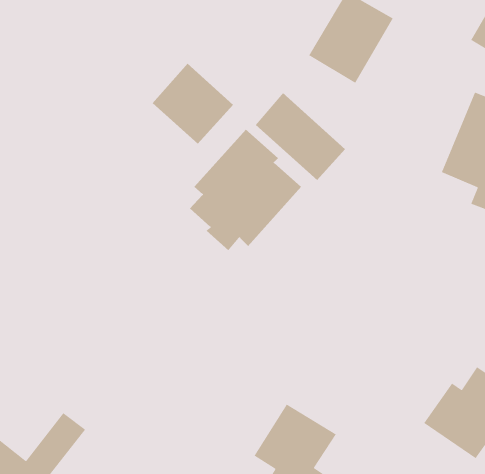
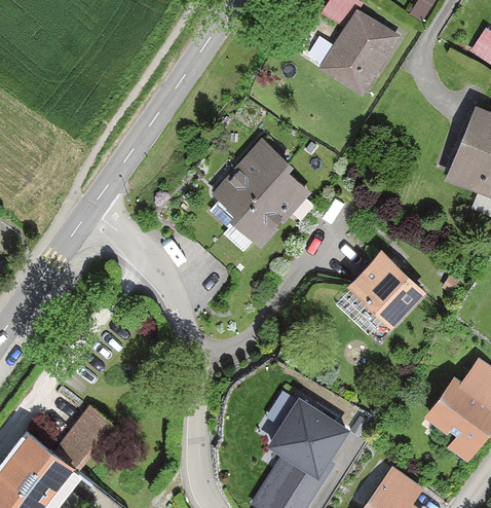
building: [152,63,234,144] -> none
building: [255,92,346,181] -> none
building: none -> [346,248,426,328]

